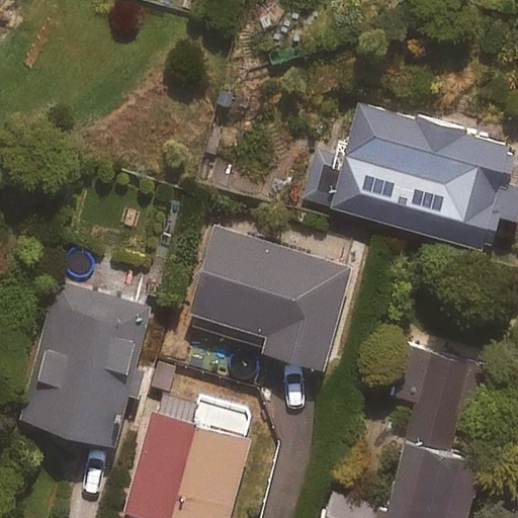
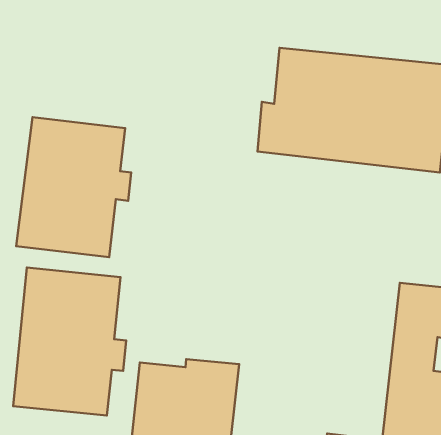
building: none -> [16,117,131,257]
building: [191,229,351,367] -> none

